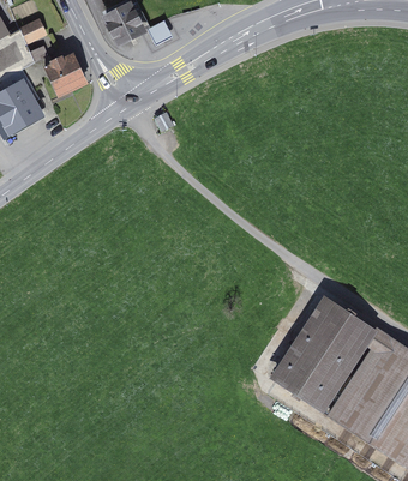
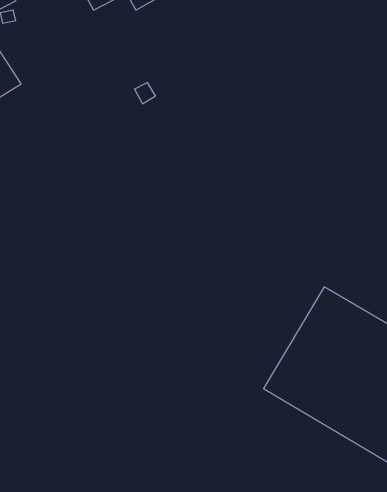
building: [43,49,85,95] -> none

